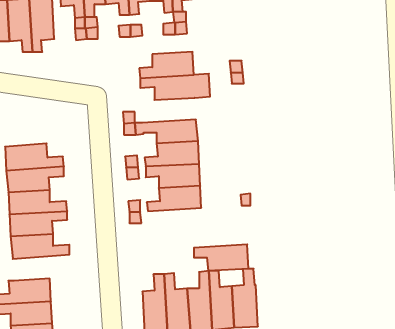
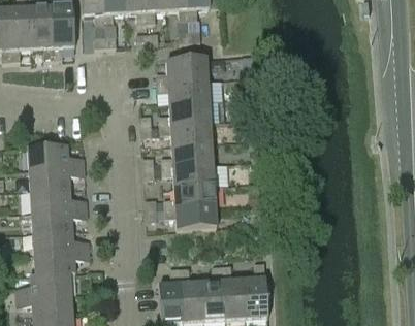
building: none -> [158,98,224,123]
building: [194,244,248,271] -> [163,203,215,228]
building: none -> [35,248,90,272]

